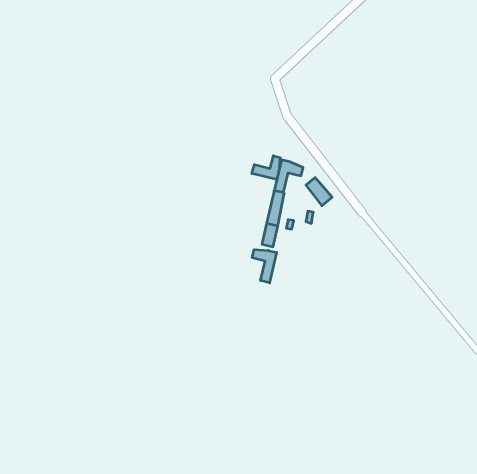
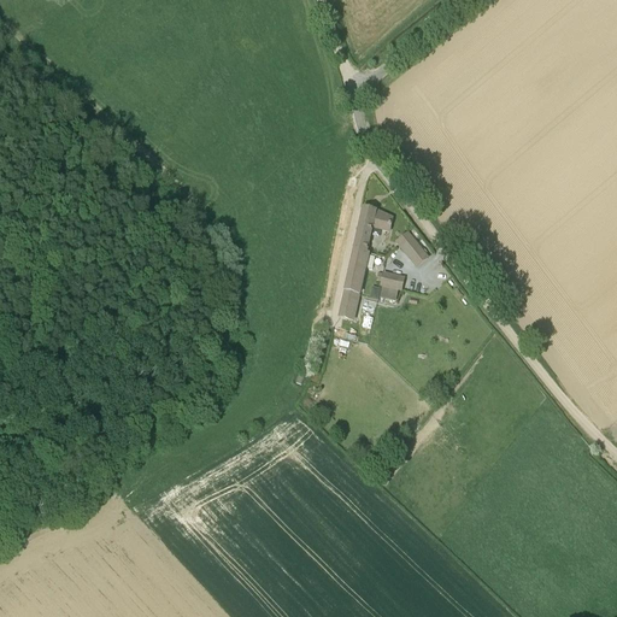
building: [252,156,280,180] -> none
building: [252,250,277,283] -> none

